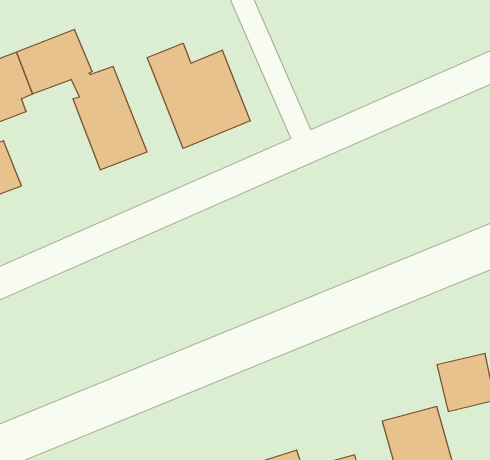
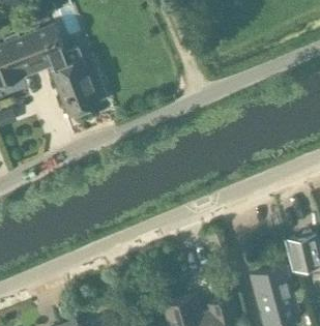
building: [147,43,250,148] -> none

